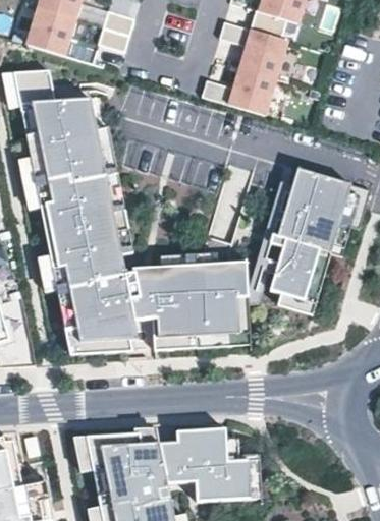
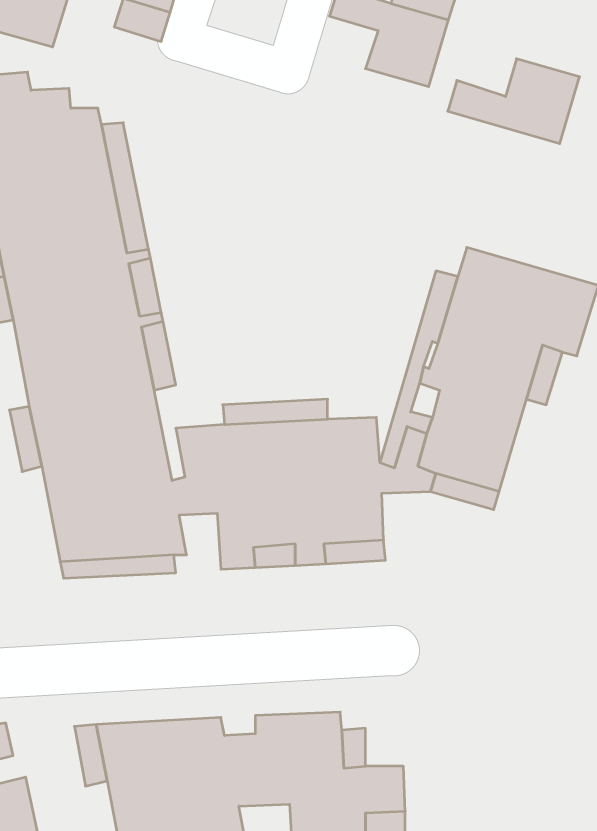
building: [201,67,275,115] -> [448,59,580,144]

